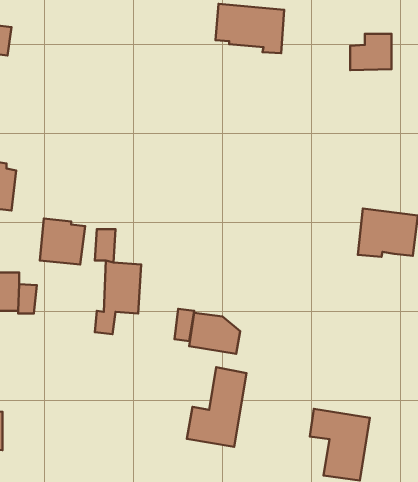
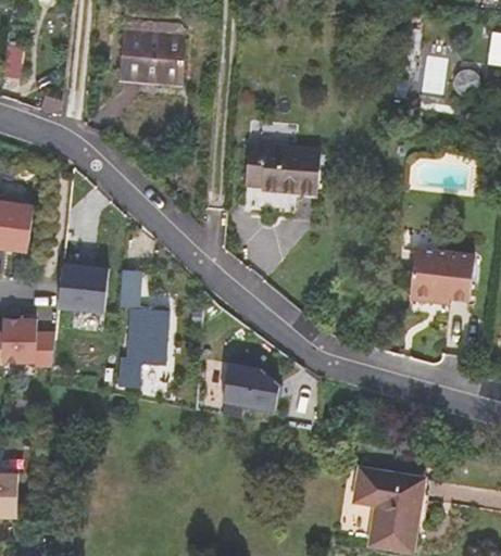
building: [215,4,284,53] -> [246,144,322,199]
building: none -> [123,33,186,84]
building: [187,367,246,447] -> none

